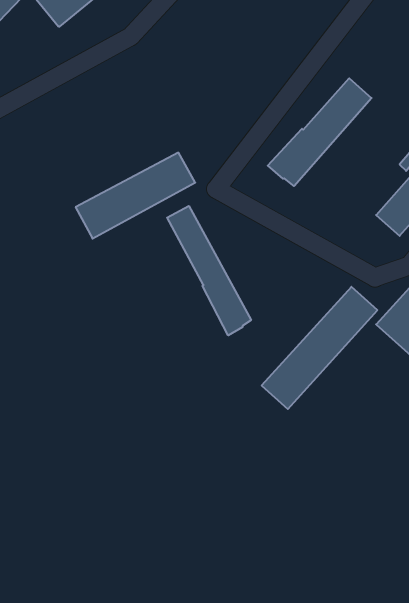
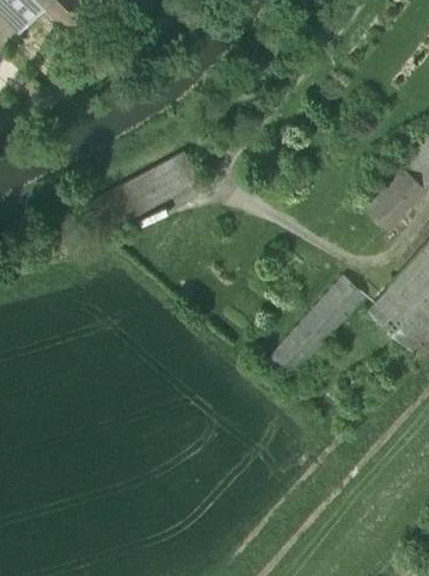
building: [268,78,372,186] -> none
building: [167,206,251,335] -> none

